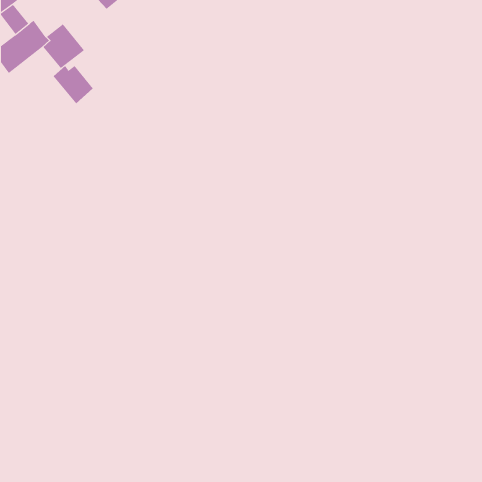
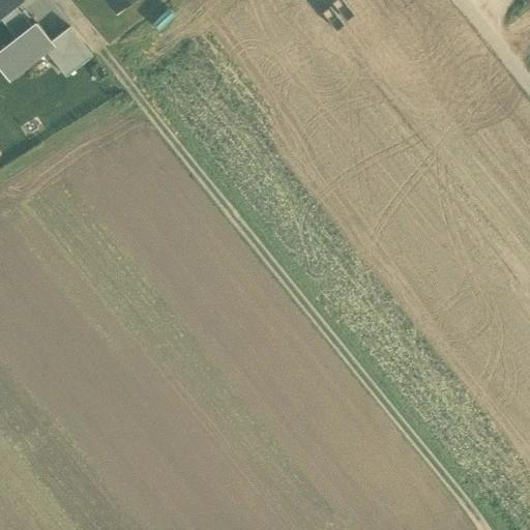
building: [53,65,94,104] -> none

